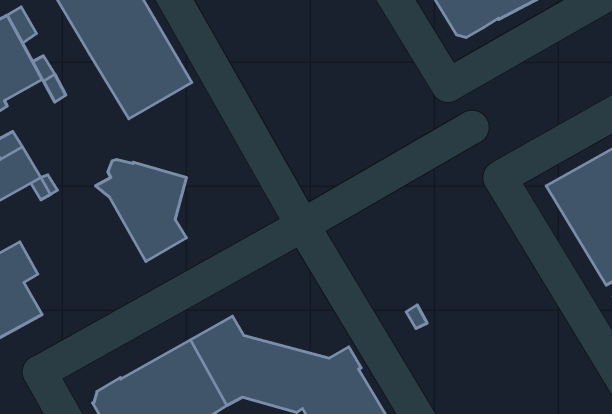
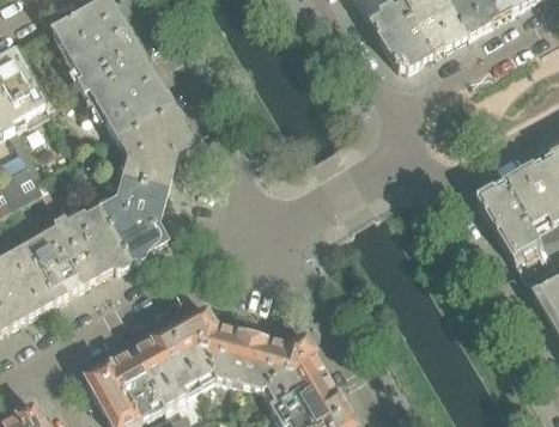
building: none -> [117,106,193,188]
building: none -> [24,205,132,305]

